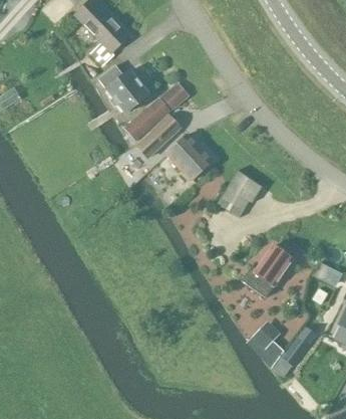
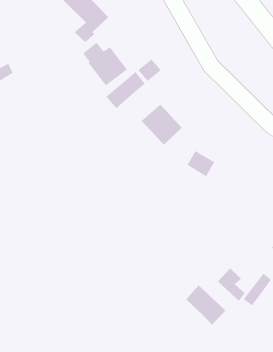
building: [135,116,180,160] -> none
building: [228,170,262,203] -> none
building: [241,245,293,296] -> none
building: none -> [185,285,226,325]

